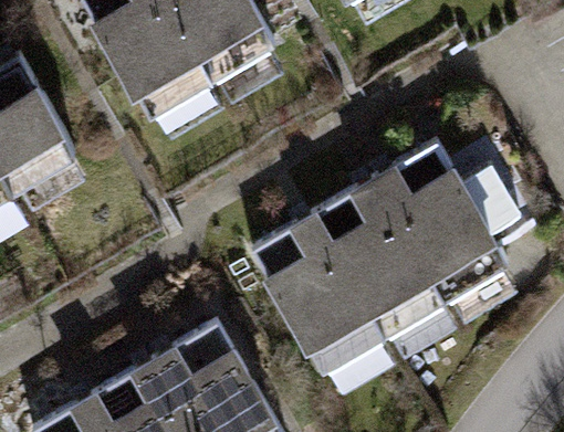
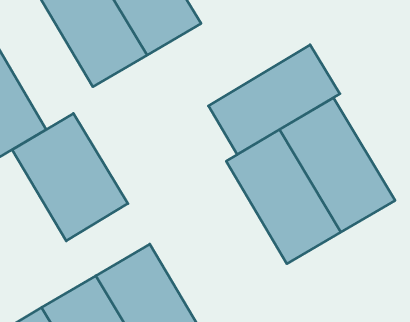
building: none -> [208,45,340,155]
building: none -> [12,113,128,241]
building: [244,218,380,377] -> none

